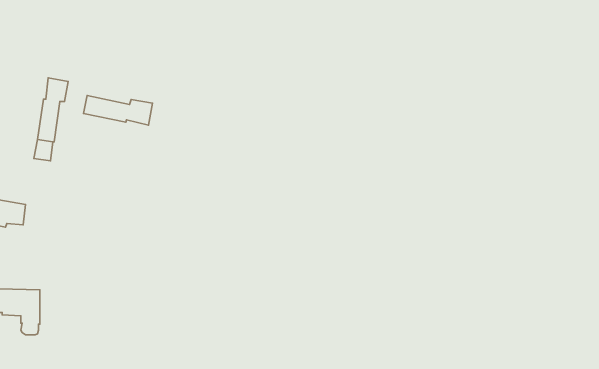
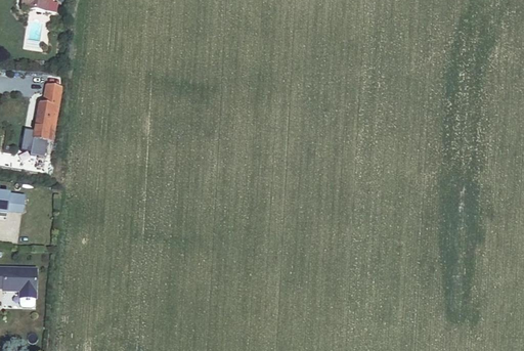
building: [84,96,152,125] -> none

